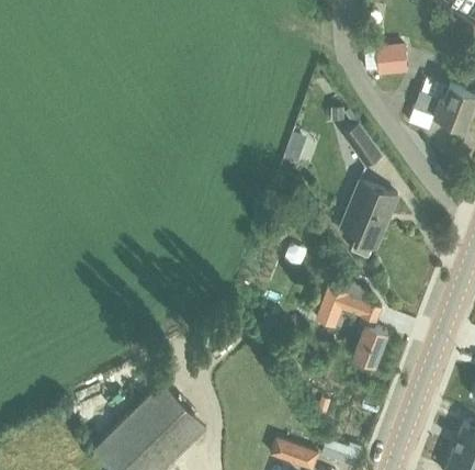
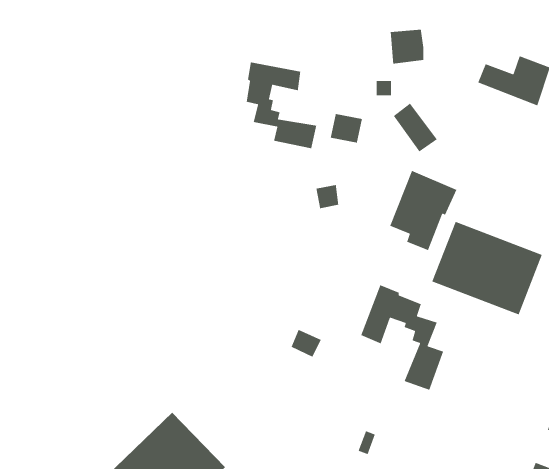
building: [377,46,406,76] -> [390,29,424,64]
building: none -> [246,62,317,149]
building: none -> [431,221,543,316]

